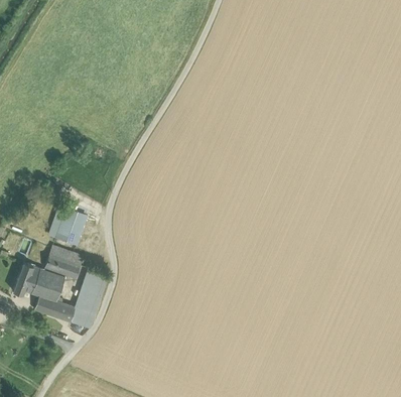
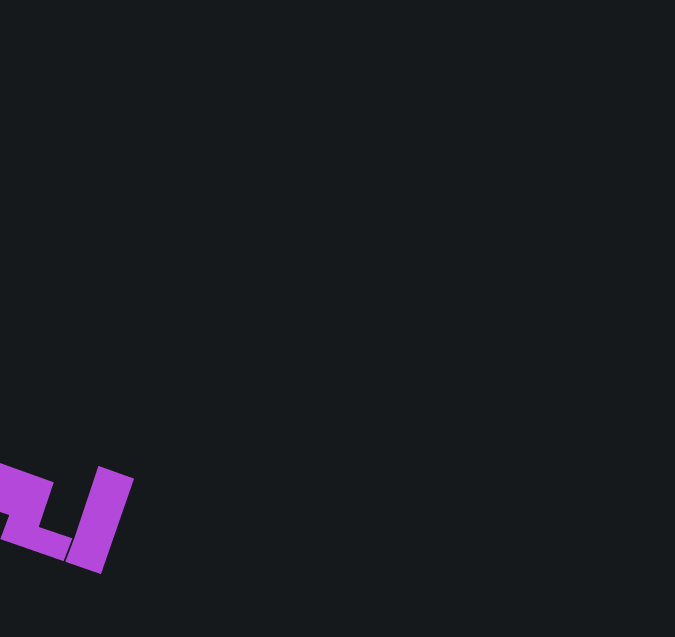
building: [54,210,86,245] -> none
building: [44,245,85,279] -> none

